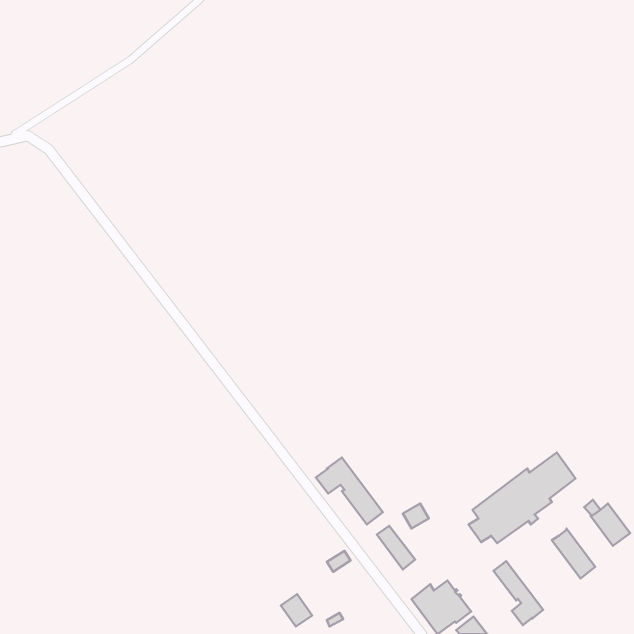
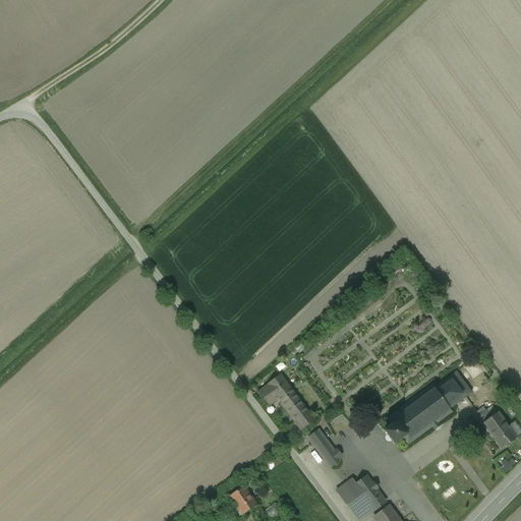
building: [552,528,595,578] -> none
building: [493,561,543,625] -> none

